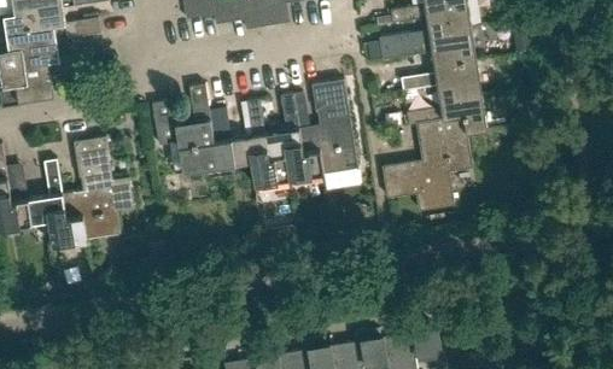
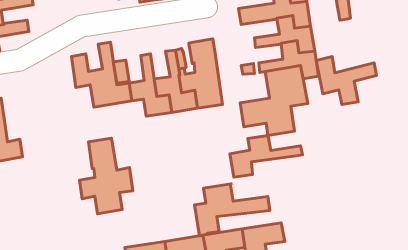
building: none -> [316,57,377,105]
building: [62,136,134,239] -> [80,138,133,214]
building: none -> [230,136,303,177]
building: none -> [194,184,270,236]

